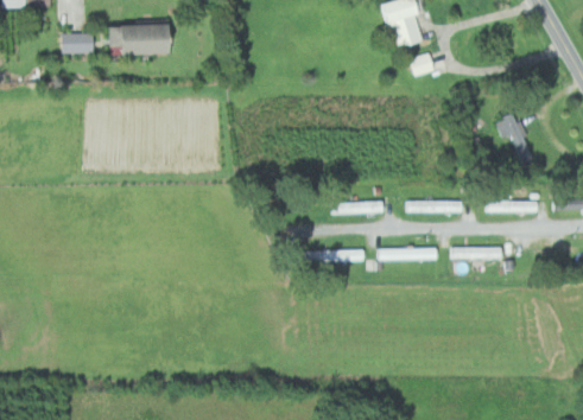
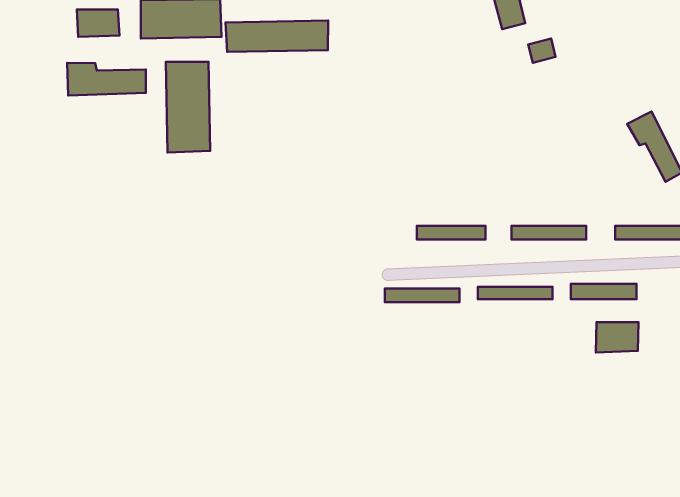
building: none -> [226,21,328,52]
building: none -> [166,62,210,152]
building: none -> [67,63,146,96]
building: none -> [596,322,638,352]

